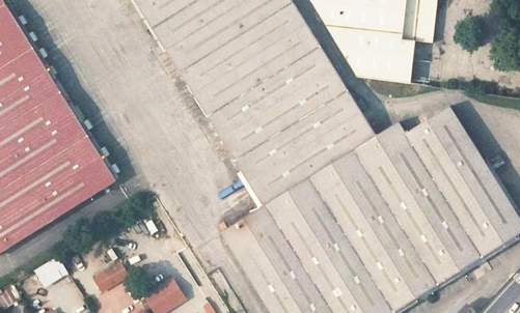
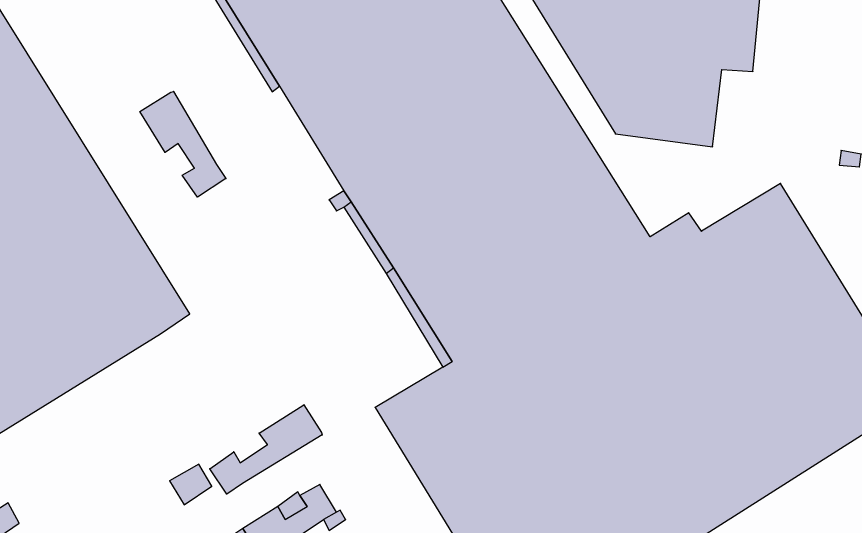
building: none -> [140,91,226,197]
building: none -> [210,405,322,494]
building: [34,257,67,287] -> none

